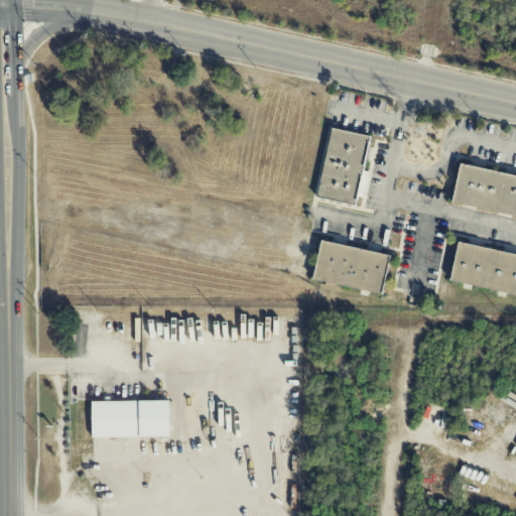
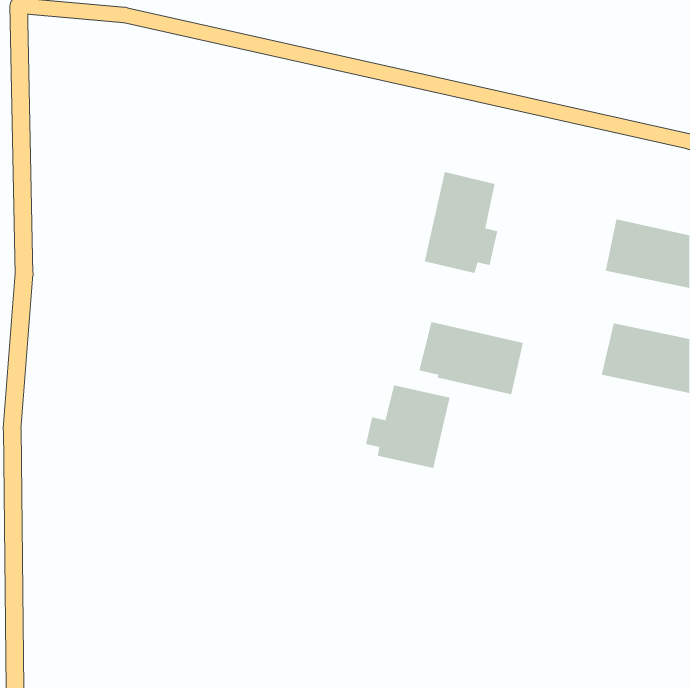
building: none -> [365,384,451,469]
building: [92,399,169,436] -> none

